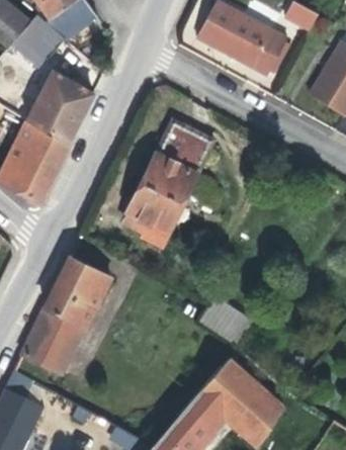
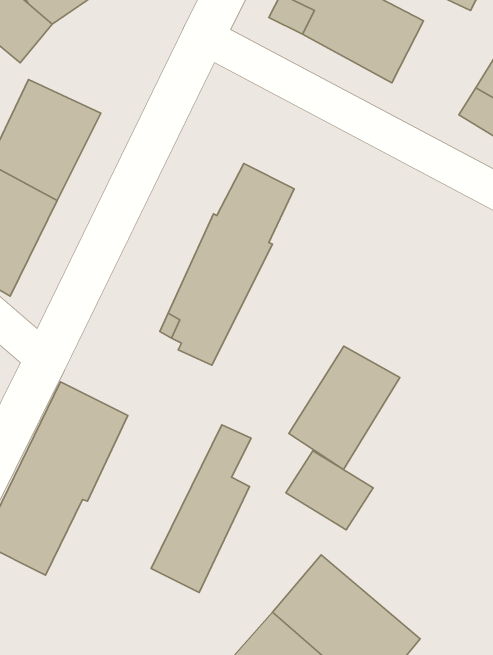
building: none -> [289,346,400,470]
building: none -> [151,425,251,593]

